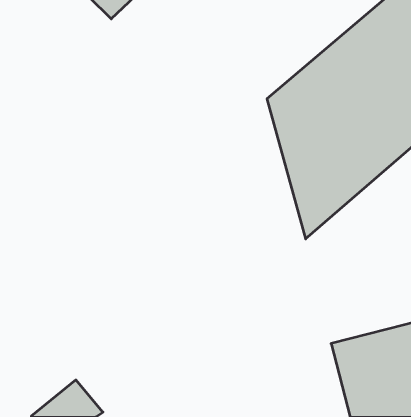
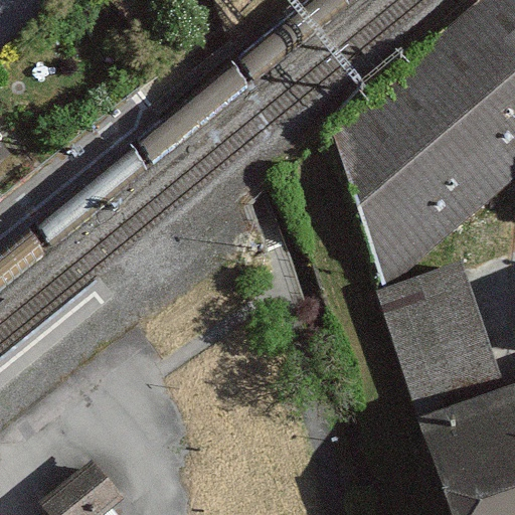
building: none -> [385,270,506,419]

